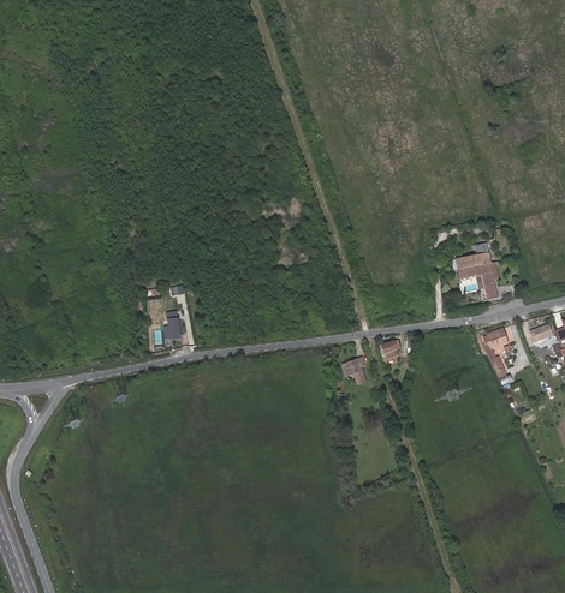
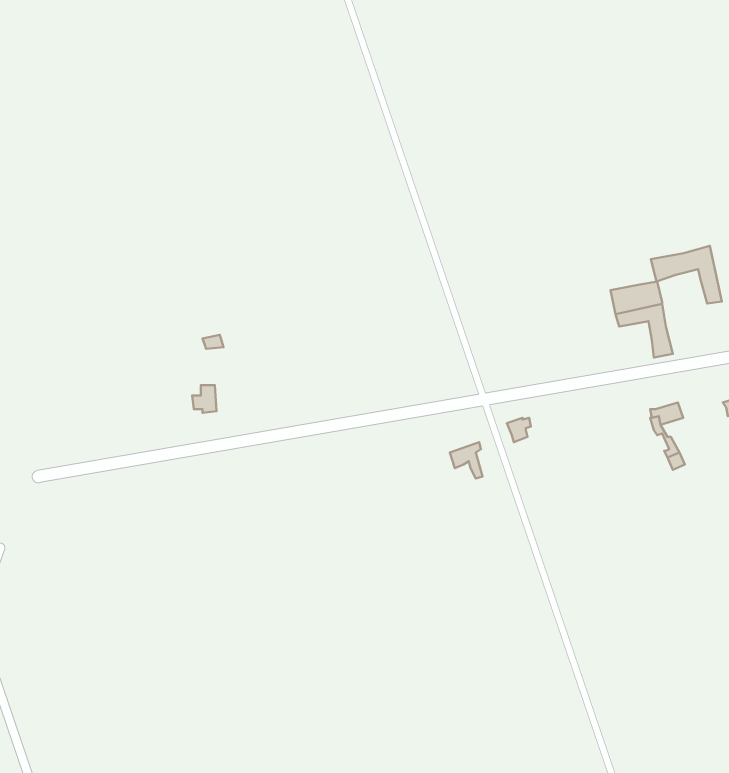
building: none -> [651,246,722,304]

